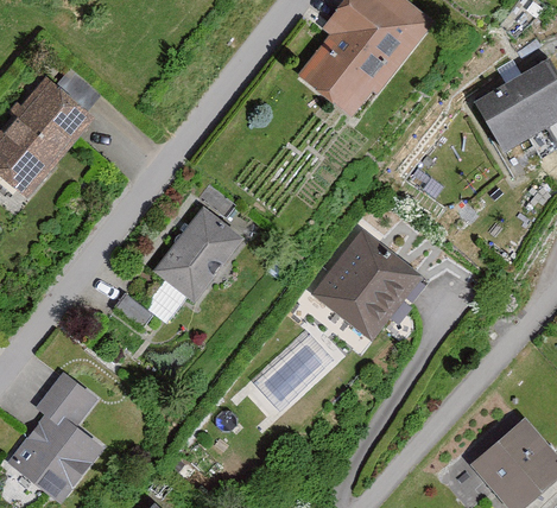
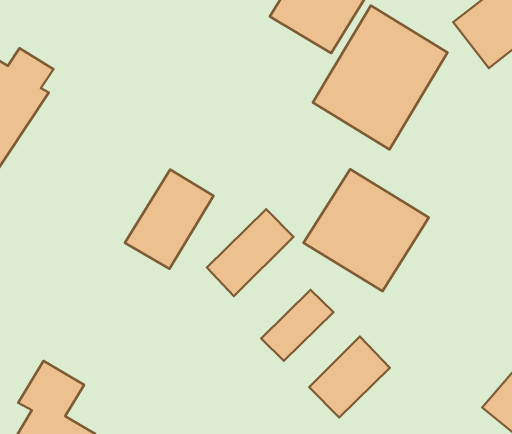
building: none -> [313,6,447,149]
building: none -> [207,209,293,296]
building: none -> [309,336,390,417]

